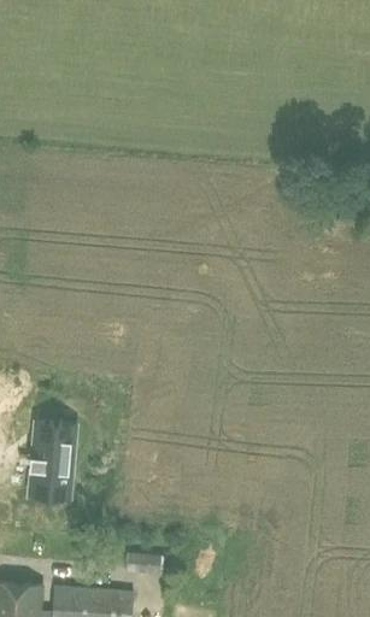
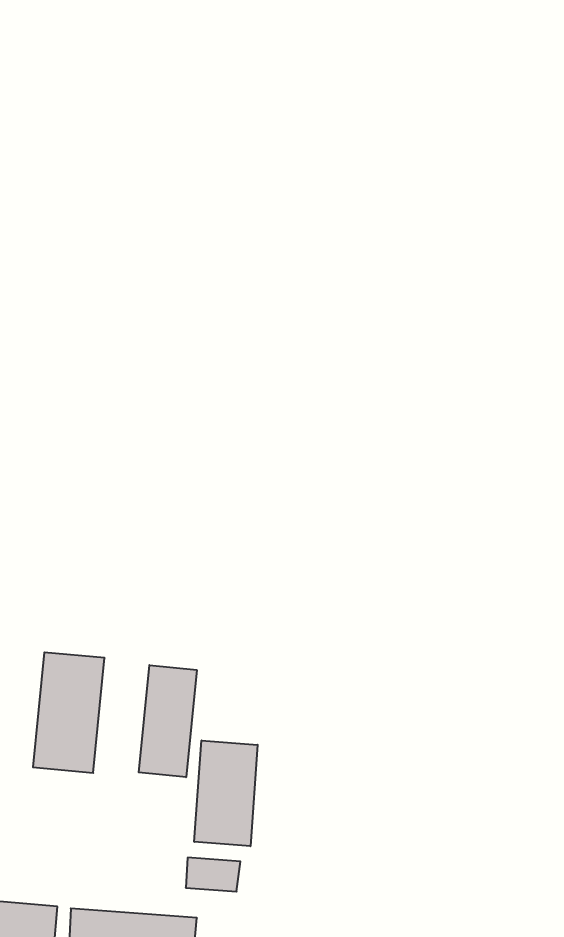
building: none -> [139,665,197,777]
building: none -> [194,740,258,846]

